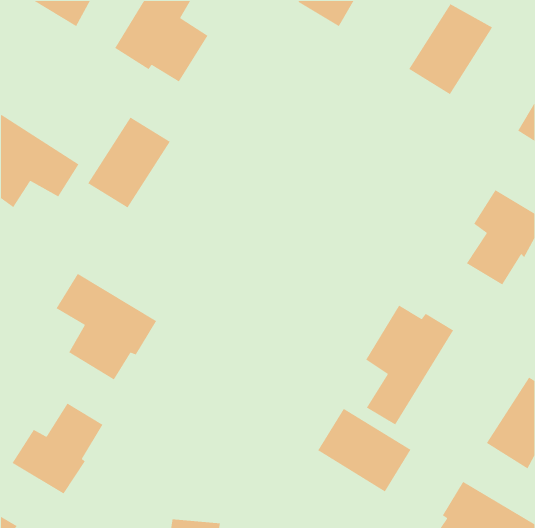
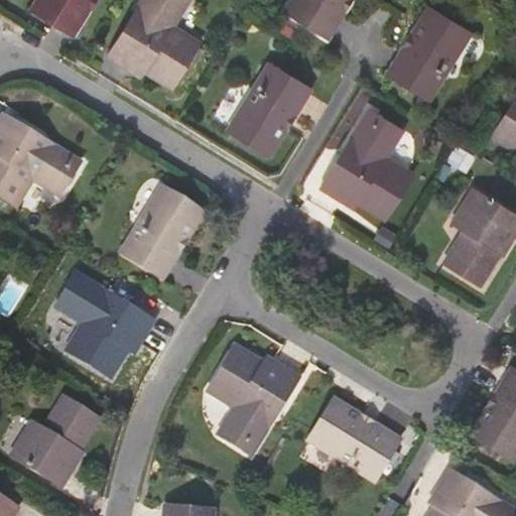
building: none -> [231,62,310,152]
building: none -> [325,108,416,219]
building: [87,117,171,209] -> [122,183,203,272]
building: [365,305,454,425] -> none
building: none -> [206,347,295,455]

